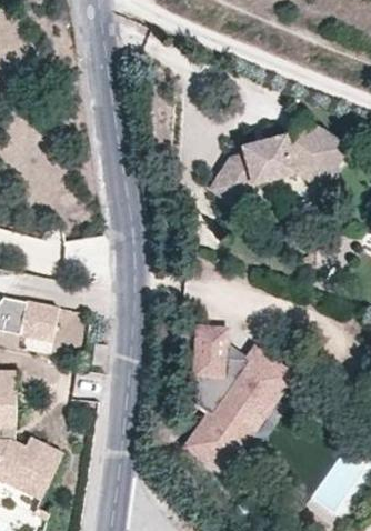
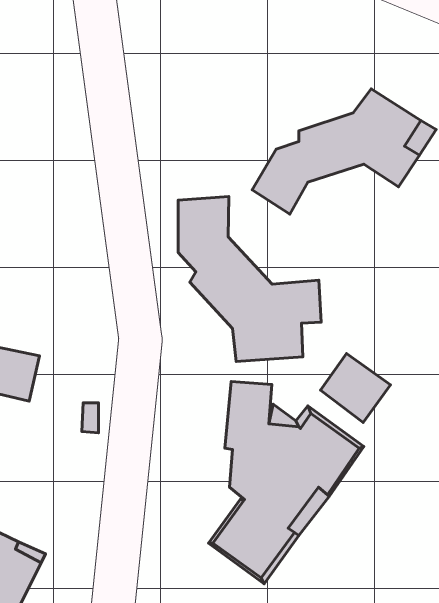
building: none -> [178,196,321,362]
building: none -> [321,354,390,423]

